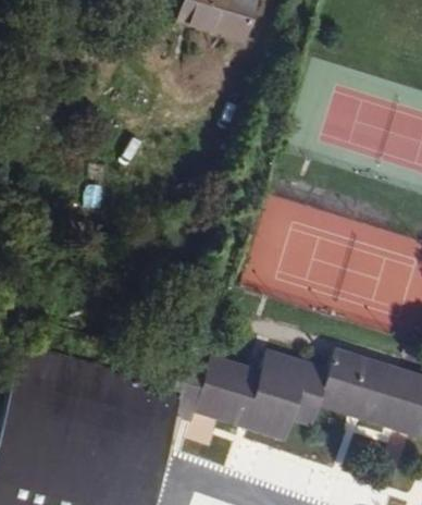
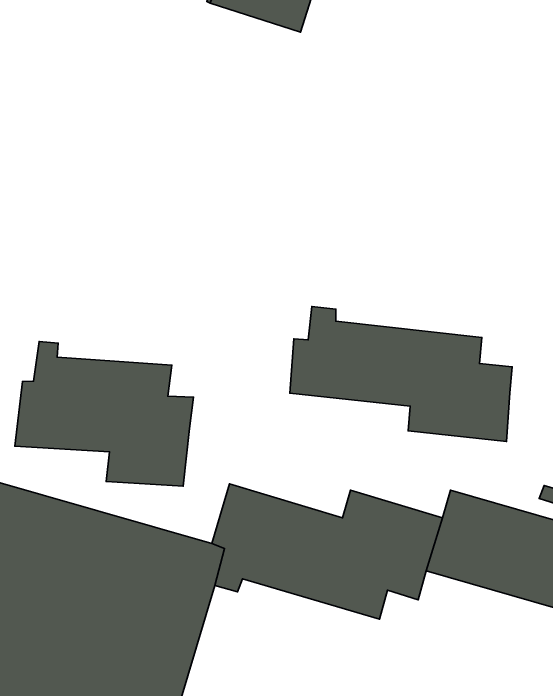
building: none -> [290,306,512,441]
building: none -> [15,342,194,486]

